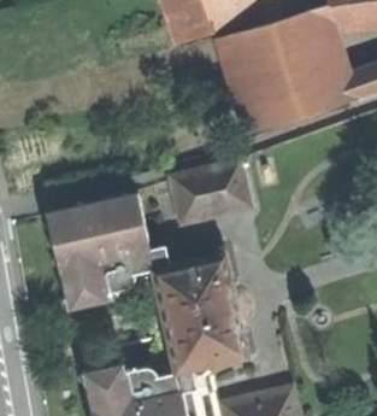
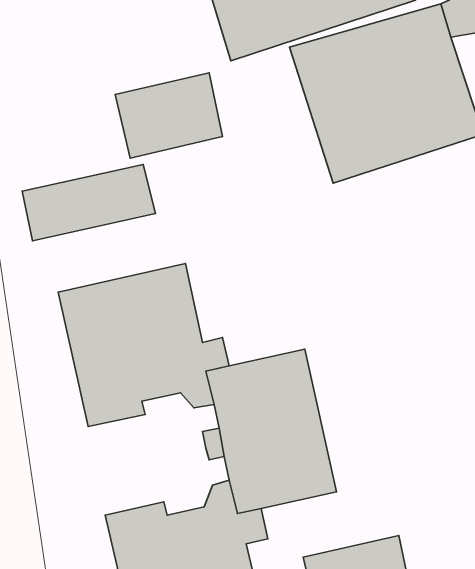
building: none -> [22,164,156,241]
building: [171,162,248,223] -> [115,73,223,158]

